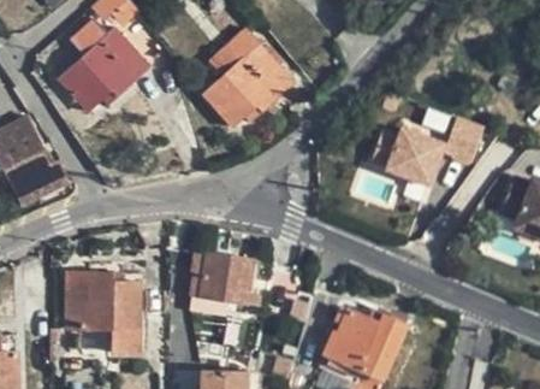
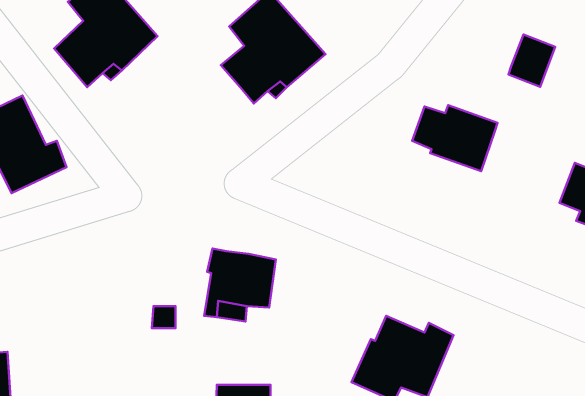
building: [443,116,483,161] -> [508,35,555,87]
building: [61,265,133,346] -> none

